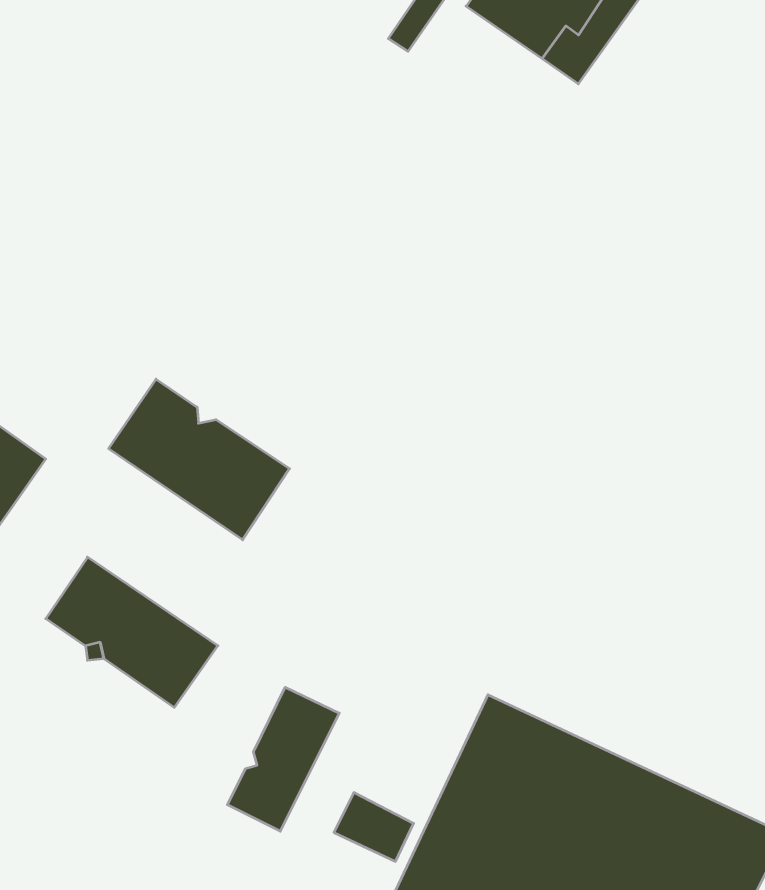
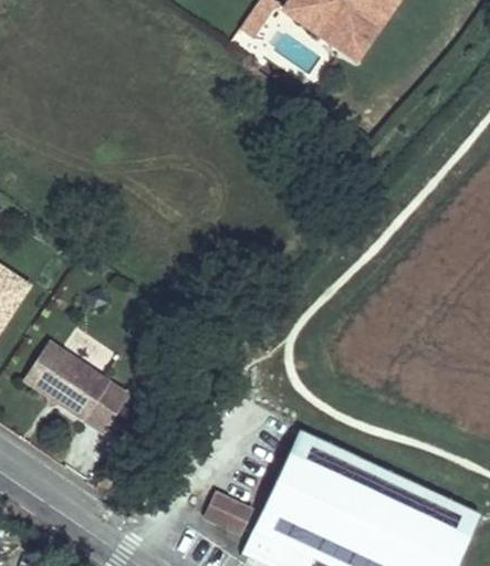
building: [109,379,290,540] -> none
building: [227,687,339,831] -> none

